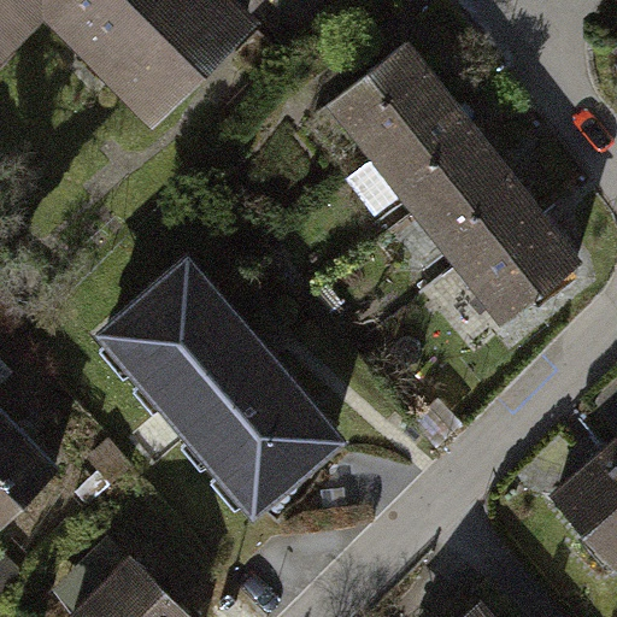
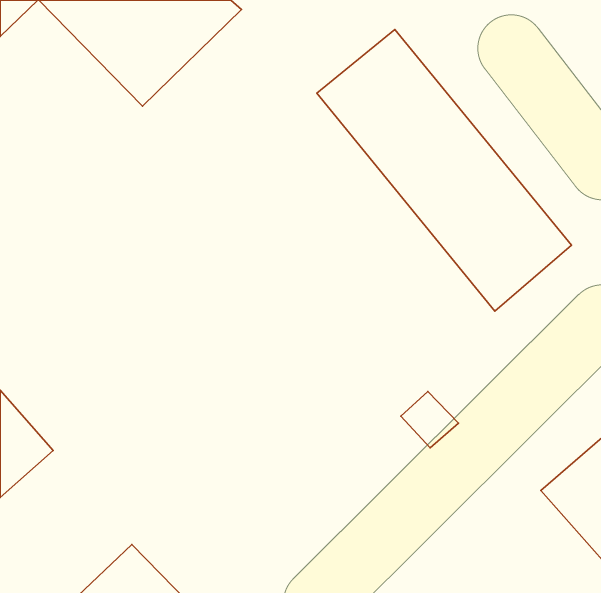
building: [90,255,335,510] -> none

